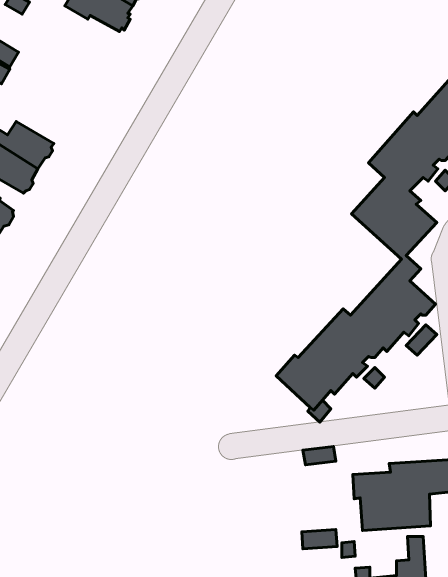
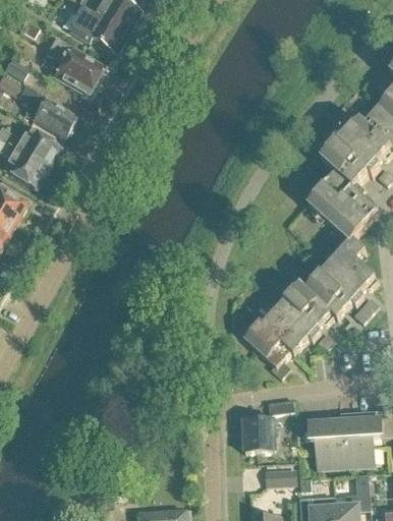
building: none -> [43,37,101,99]
building: none -> [17,84,75,136]
building: none -> [243,416,274,452]

